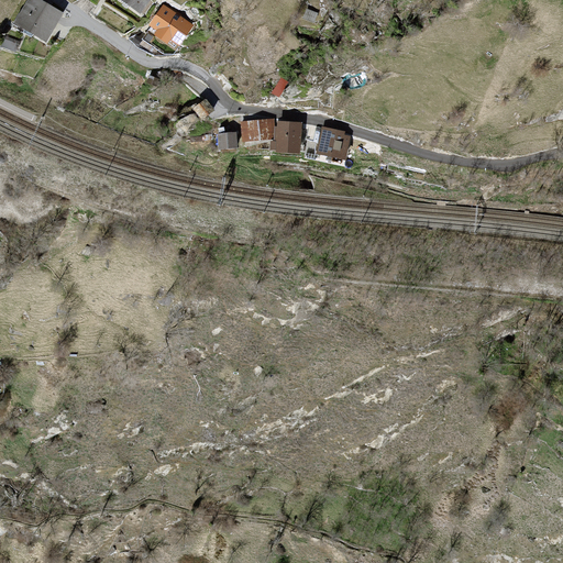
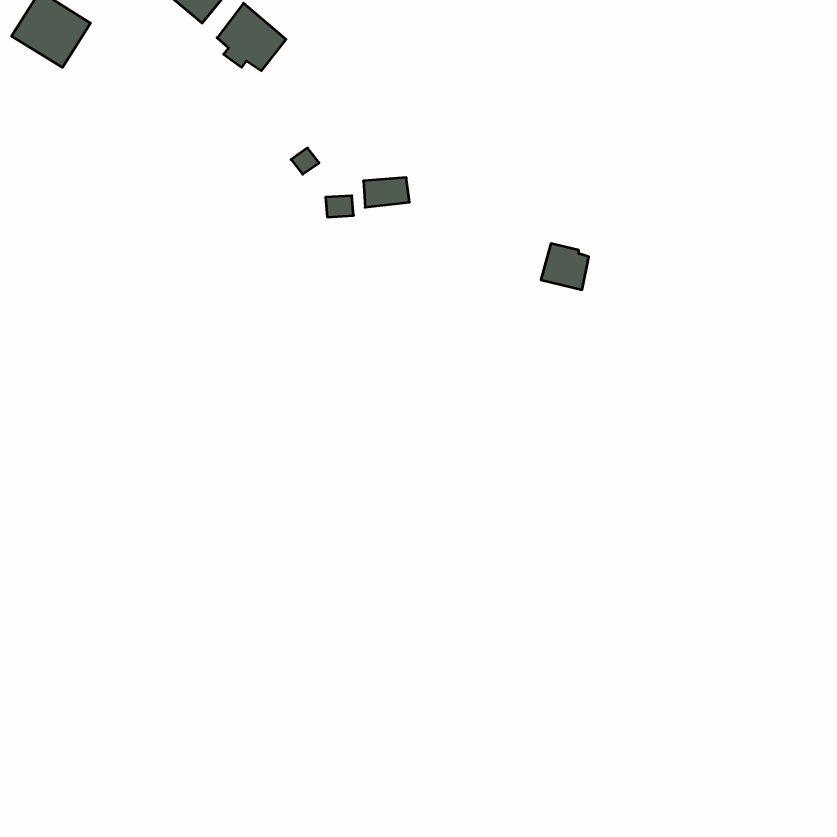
building: [278,120,302,150] -> none
building: [319,126,351,157] -> [541,244,589,290]

